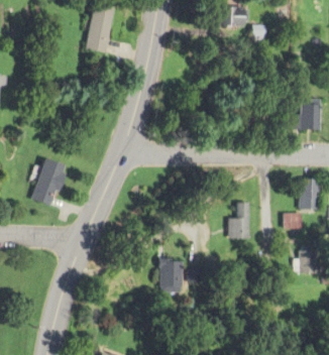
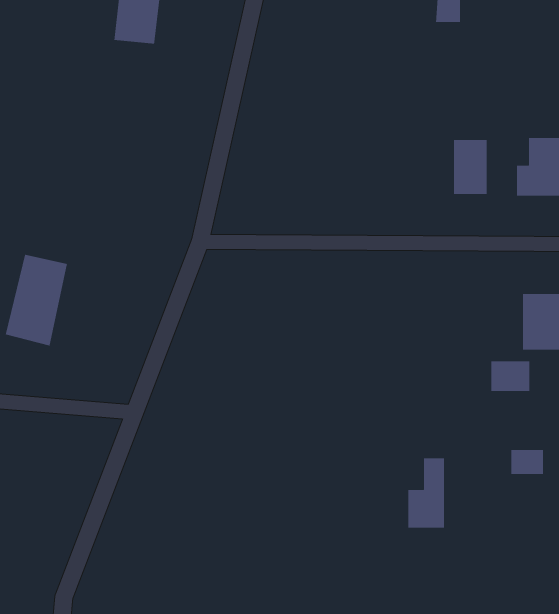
building: none -> [453,139,487,195]
building: [228,202,247,238] -> [407,458,445,529]
building: [158,258,182,292] -> none

